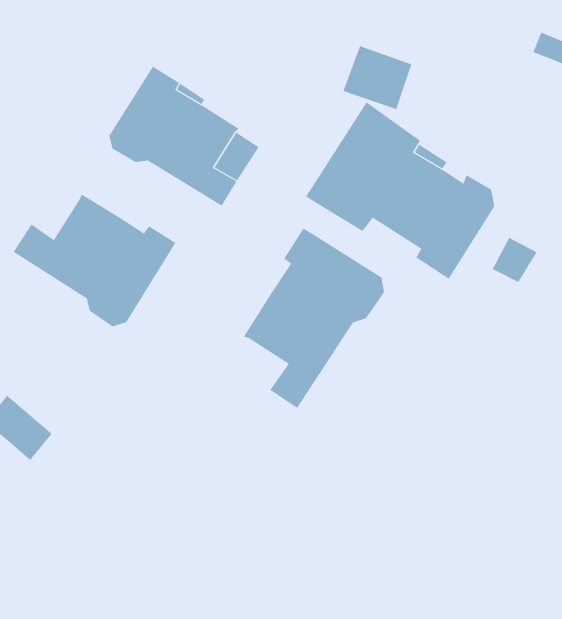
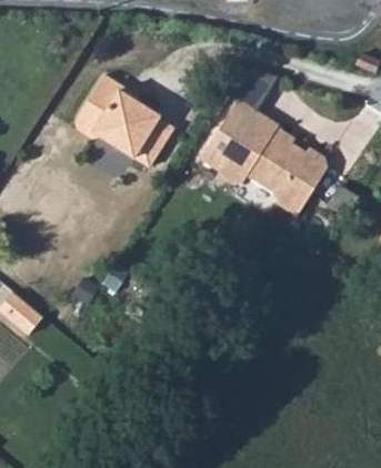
building: [13,193,176,327] -> none
building: [243,227,385,409] -> none

